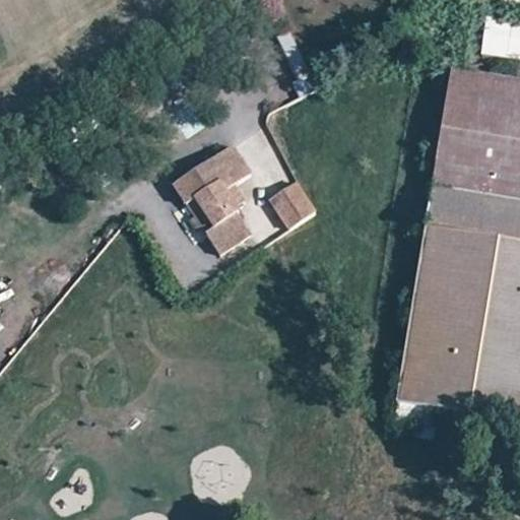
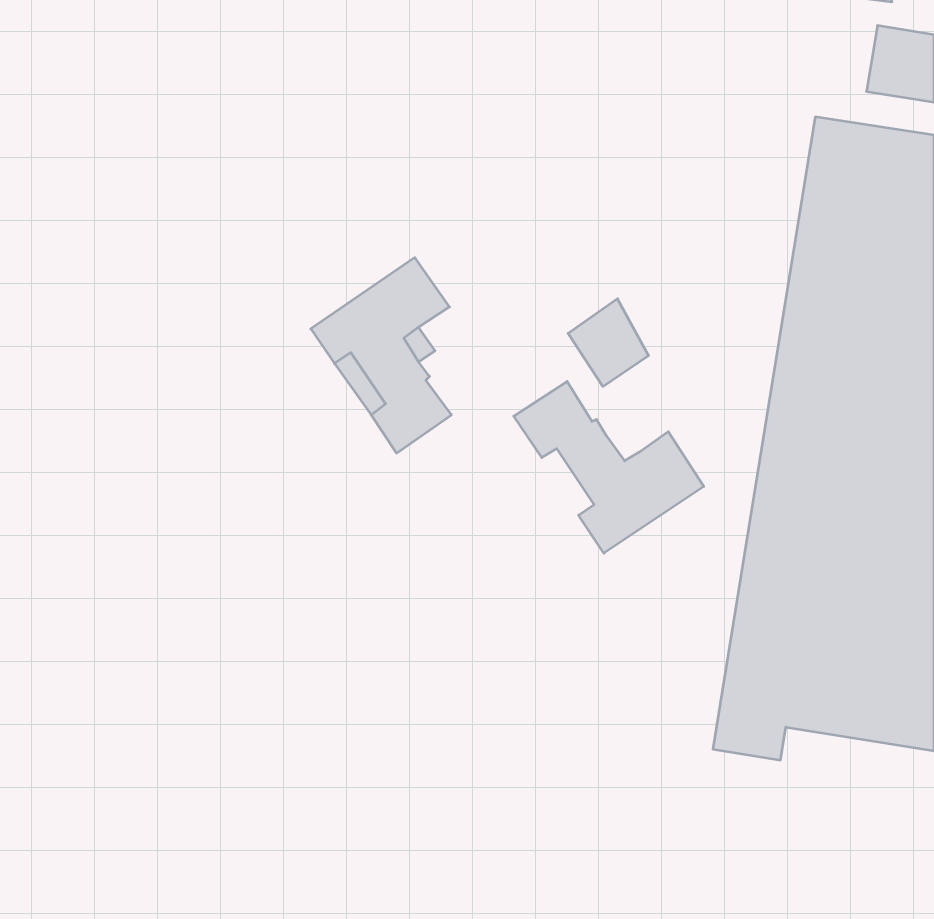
building: [270,177,315,225] -> [568,299,649,386]
building: none -> [514,381,704,553]

